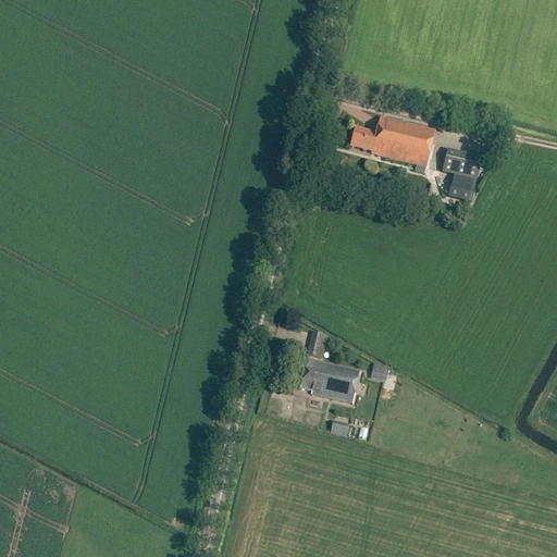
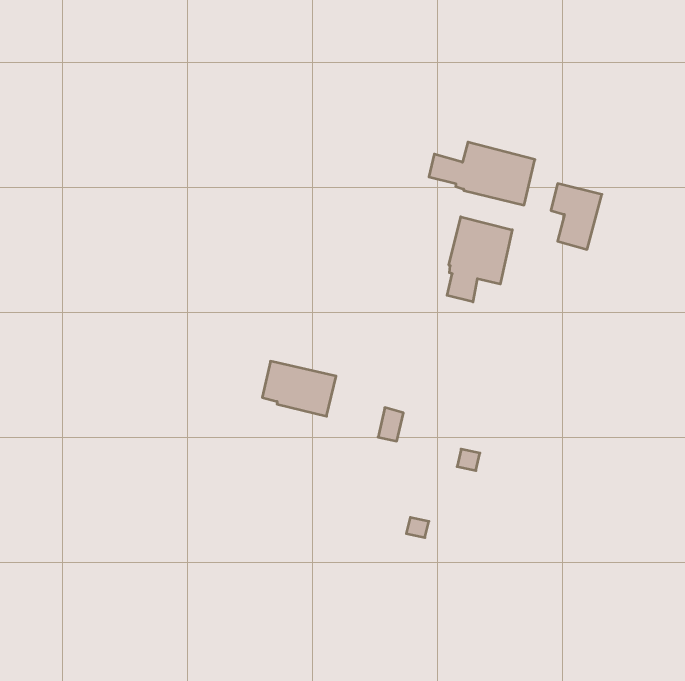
building: none -> [447,217,512,302]
building: [299,358,359,403] -> [262,361,336,416]

